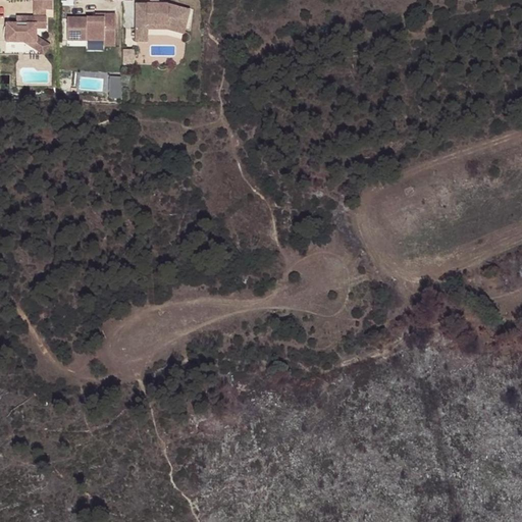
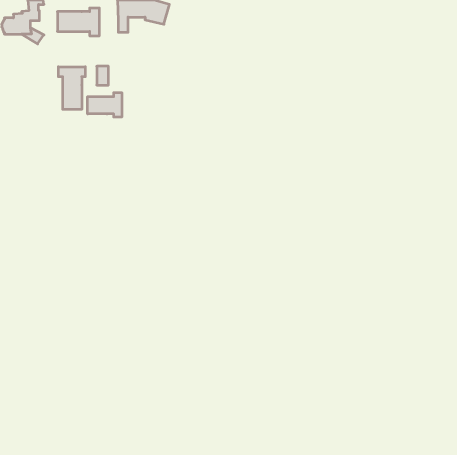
building: none -> [58,67,85,109]
building: none -> [88,93,122,117]

